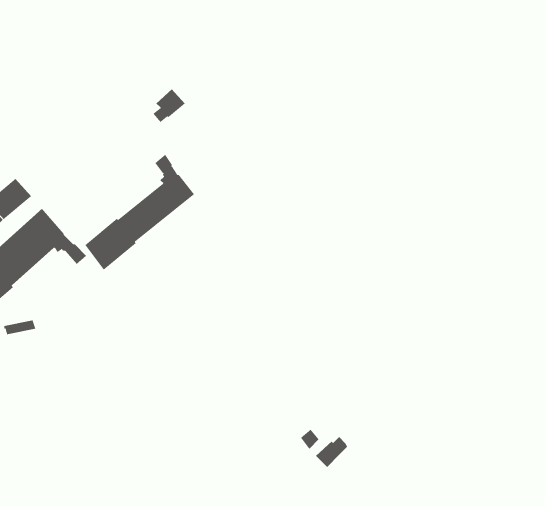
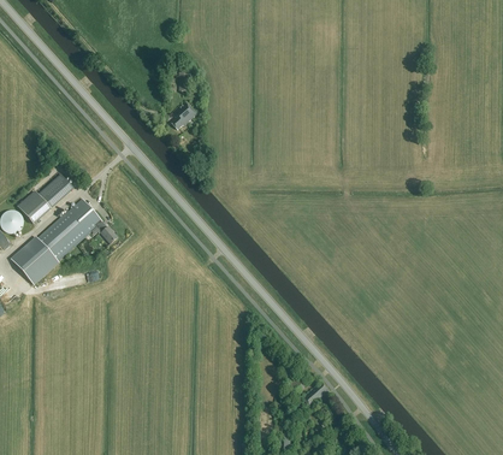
building: [84,154,195,271] -> none

